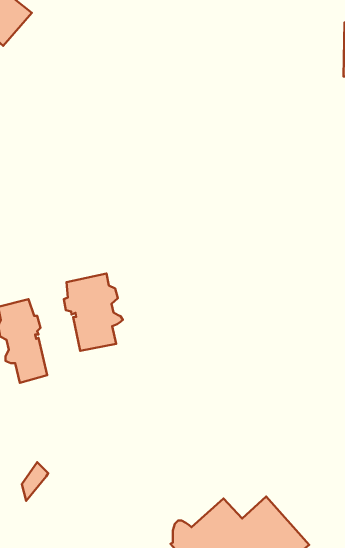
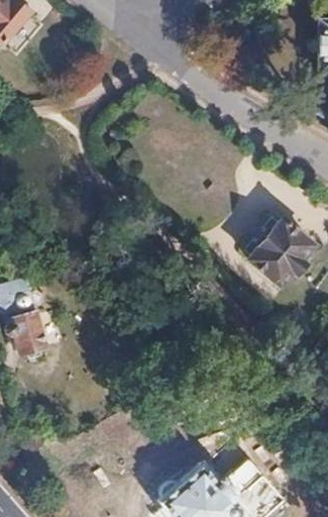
building: none -> [249,220,314,286]
building: [64,274,123,351] -> none

